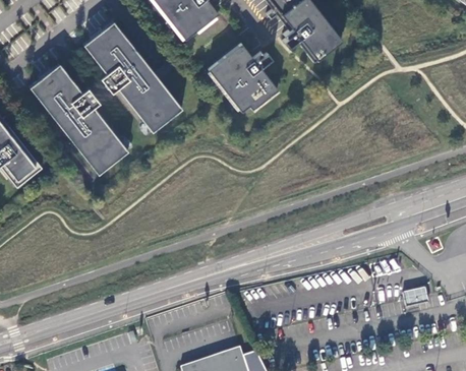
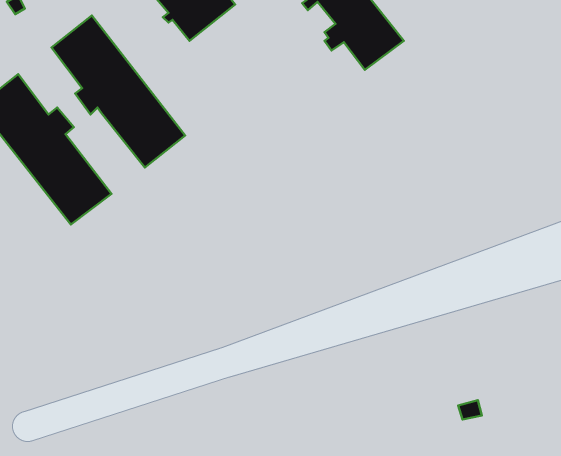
building: [208,42,274,111] -> none
building: [402,286,428,307] -> none

